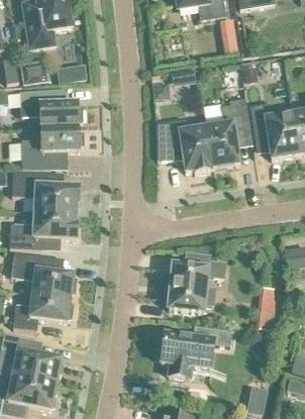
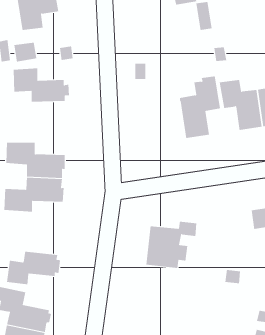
building: [156,119,211,174] -> none
building: [20,127,83,170] -> none
building: [11,252,76,298] -> none
building: [160,326,228,379] -> none

